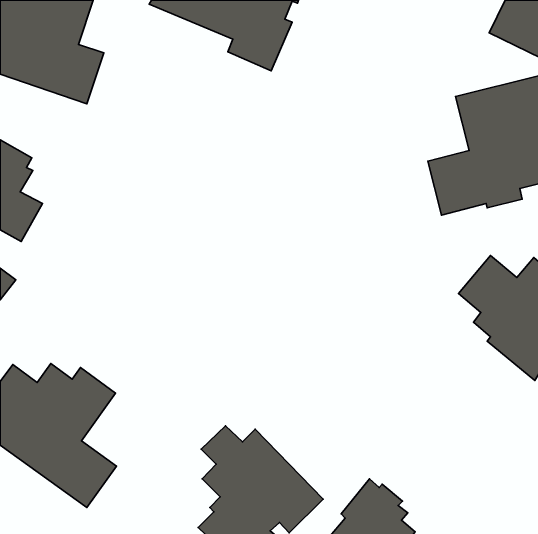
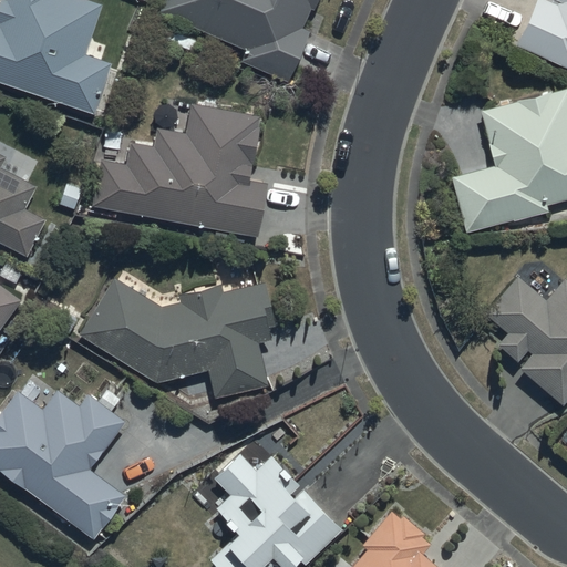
building: none -> [91,104,265,238]
building: none -> [76,277,277,395]

